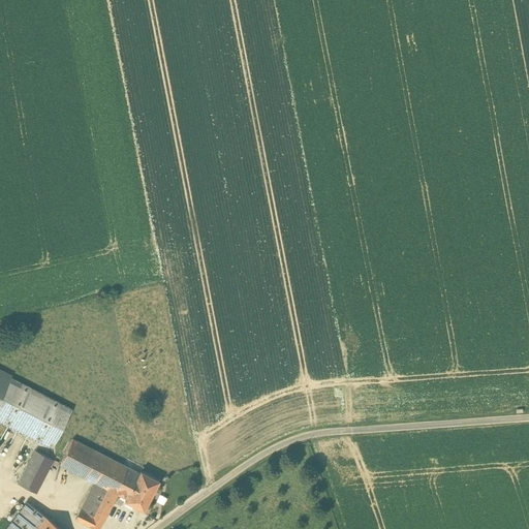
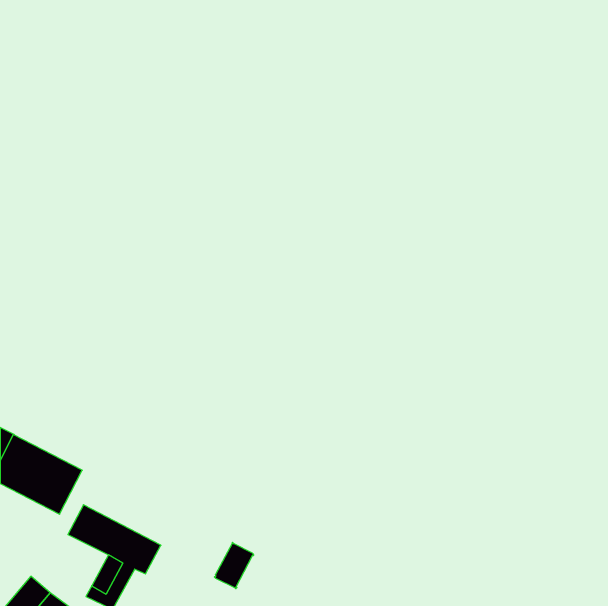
building: [19,452,55,494] -> none
building: [126,472,160,512] -> [214,542,254,589]

